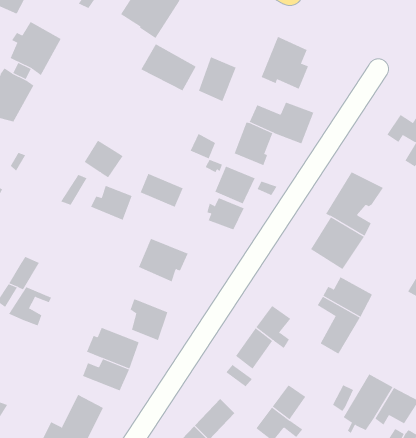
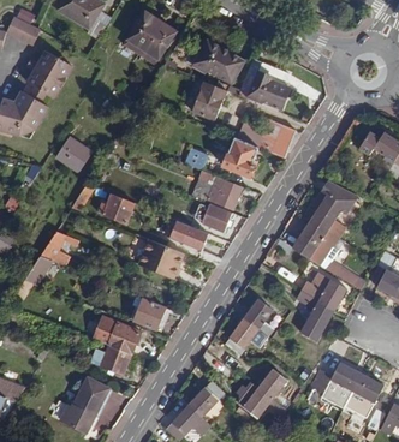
building: [141,43,197,91] -> [192,41,242,83]
building: [84,140,124,178] -> [55,138,90,172]
building: [140,173,183,207] -> [168,221,207,251]
building: [8,286,52,326] -> [38,232,77,267]

